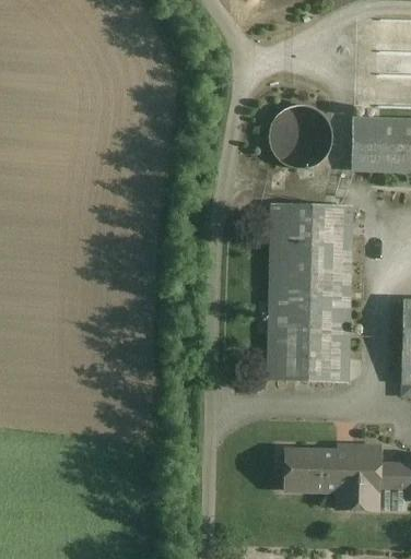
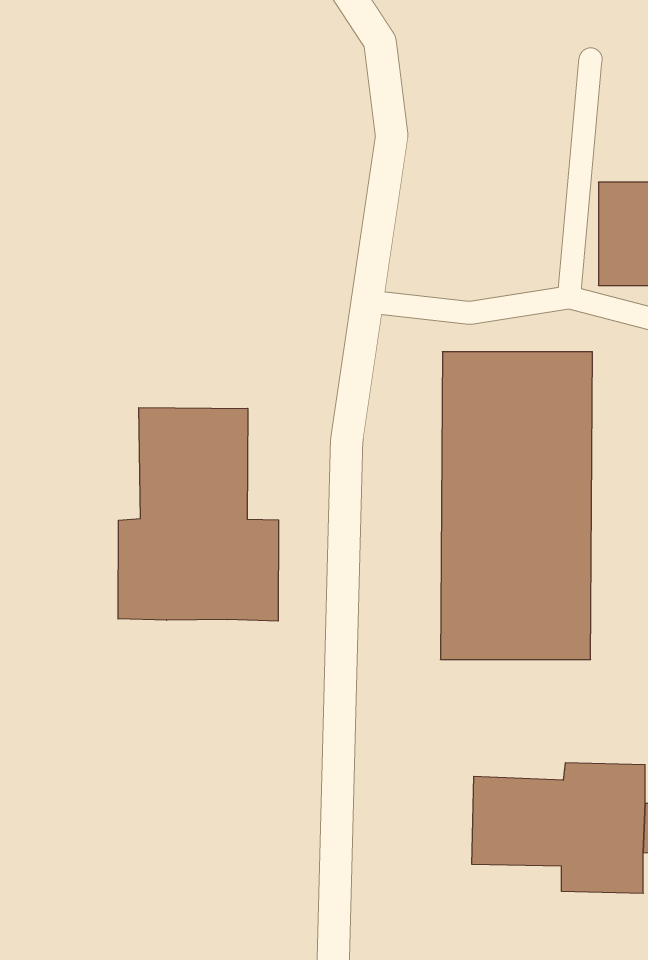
building: [270,106,331,167] -> none
building: none -> [118,408,279,621]

